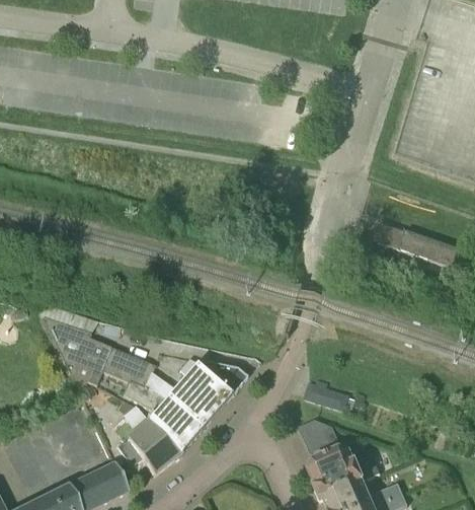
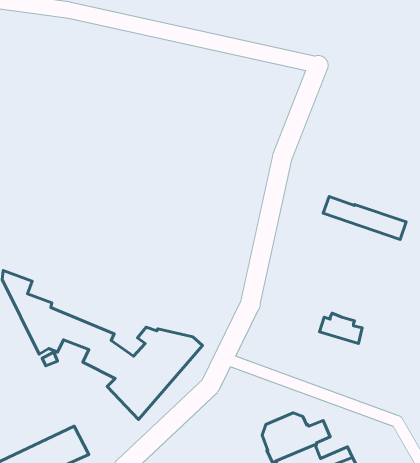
building: [305,379,349,411] -> [319,313,362,343]
building: [118,408,180,477] -> none
building: [299,420,339,453] -> none

